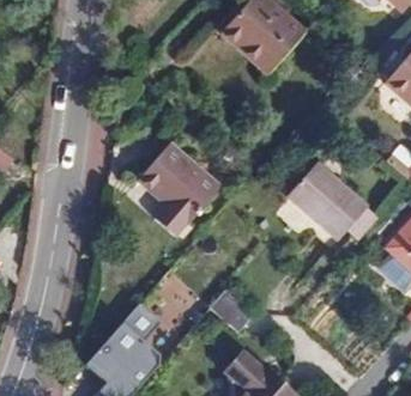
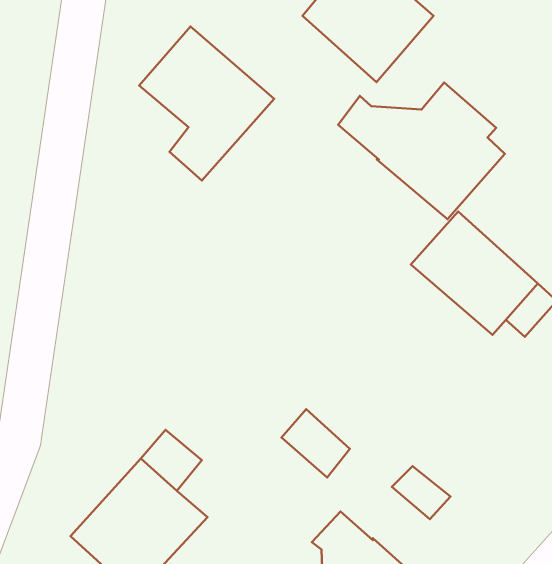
building: none -> [338,83,505,219]
building: [137,140,222,237] -> [139,27,274,180]

